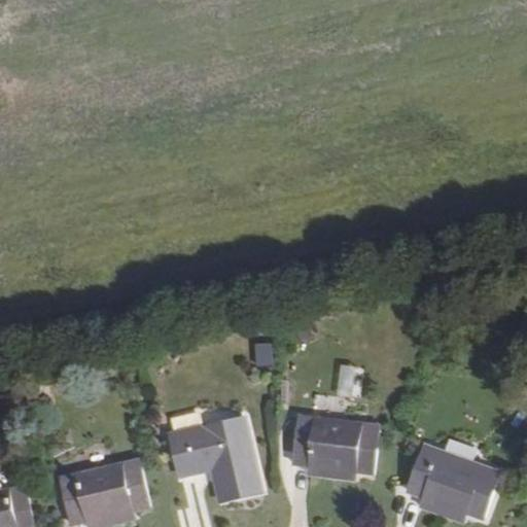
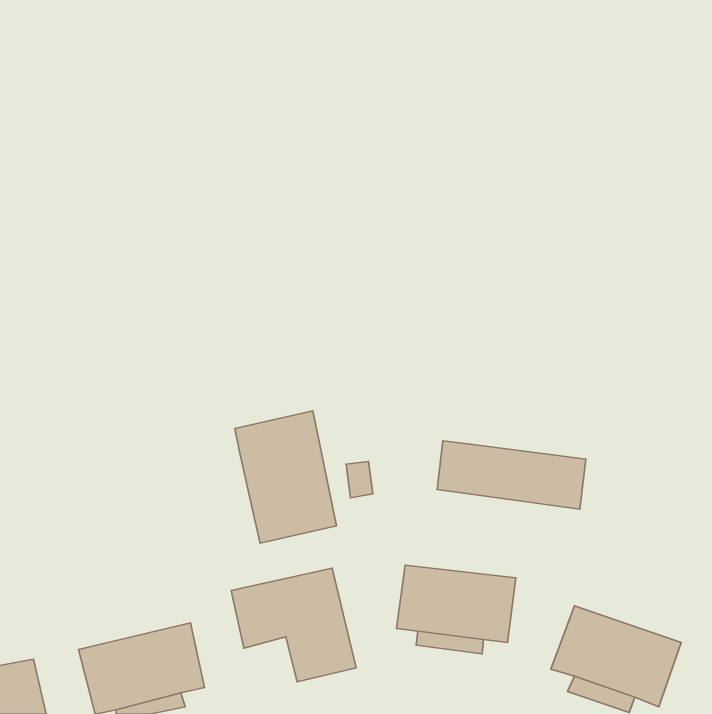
building: none -> [235,411,336,543]
building: none -> [437,441,586,509]

